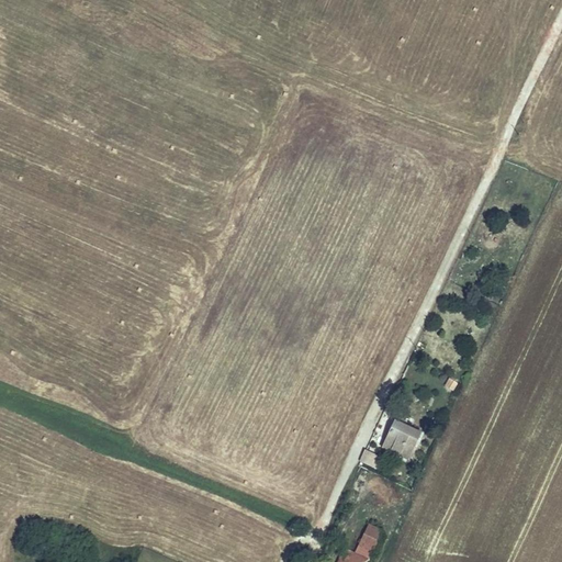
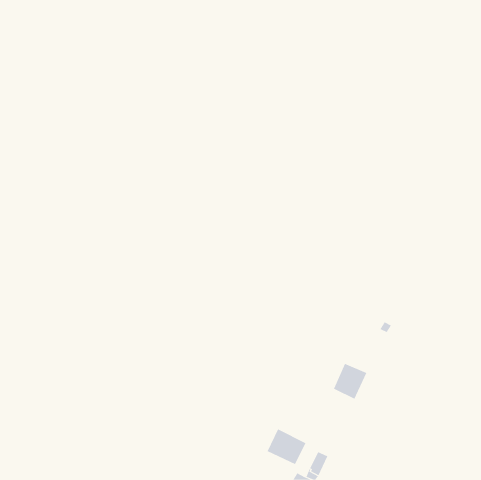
building: none -> [267,428,306,465]

